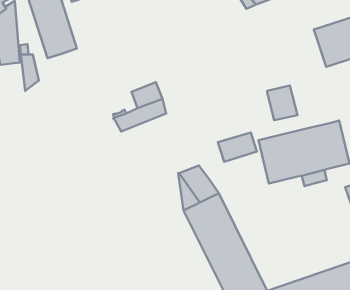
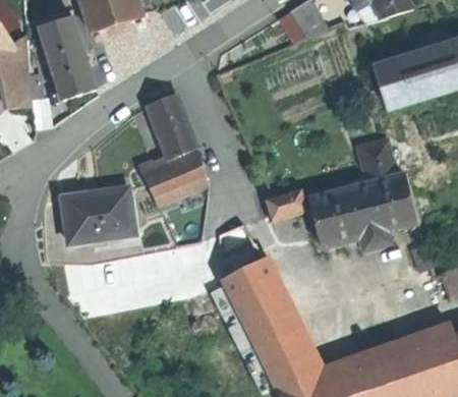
building: none -> [147,94,188,138]
building: [267,86,297,120] -> [359,140,395,181]
building: none -> [148,164,207,205]
building: none -> [62,187,133,240]

